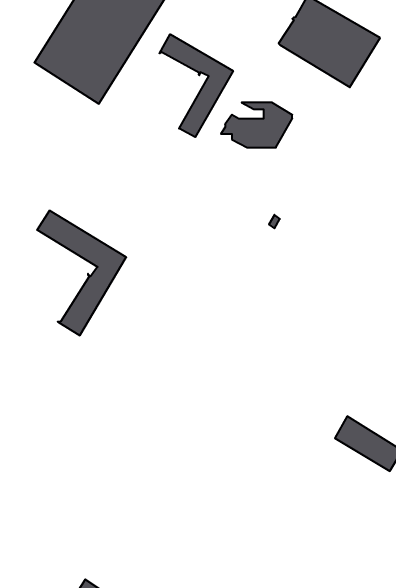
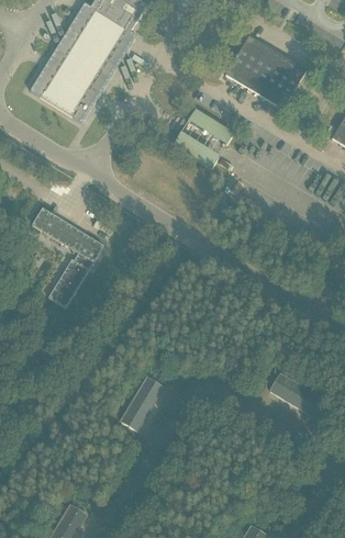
building: [159,34,233,137] -> none
building: none -> [120,377,163,430]

